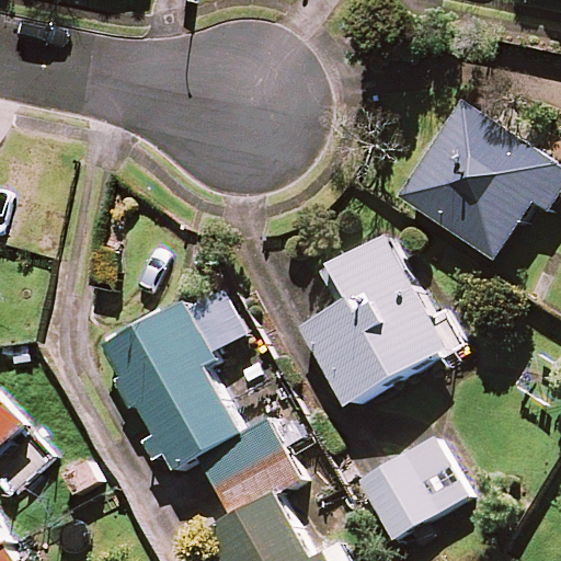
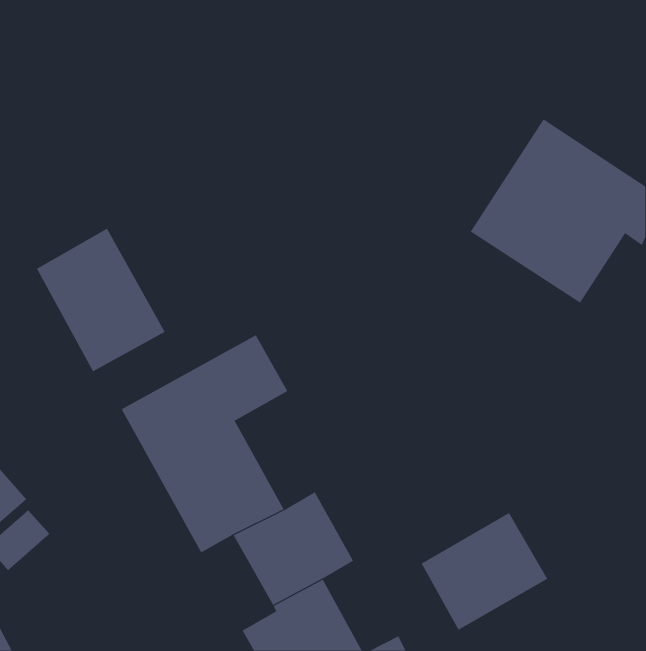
building: none -> [36,228,165,372]
building: [300,237,459,407] -> none

